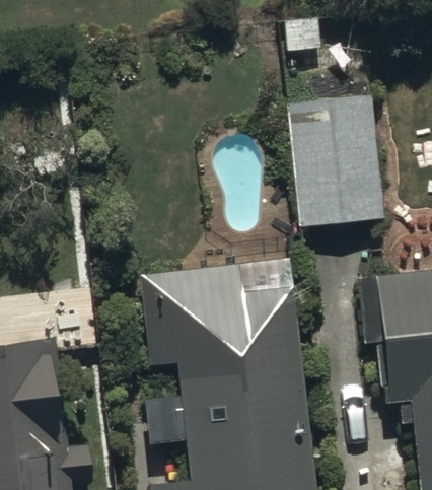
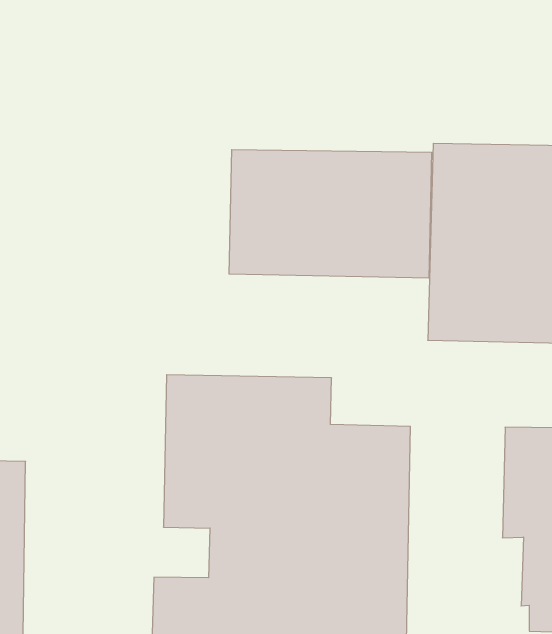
building: none -> [229,150,431,278]

